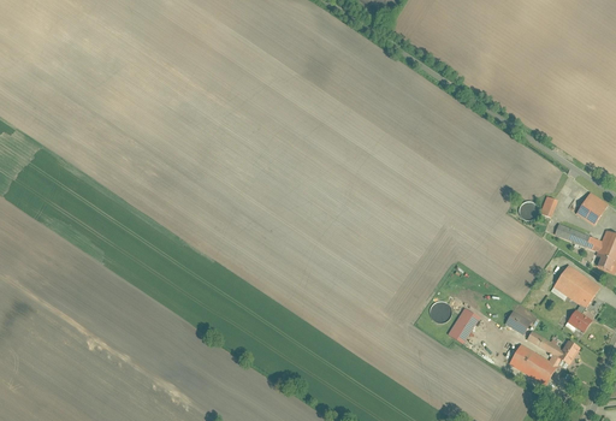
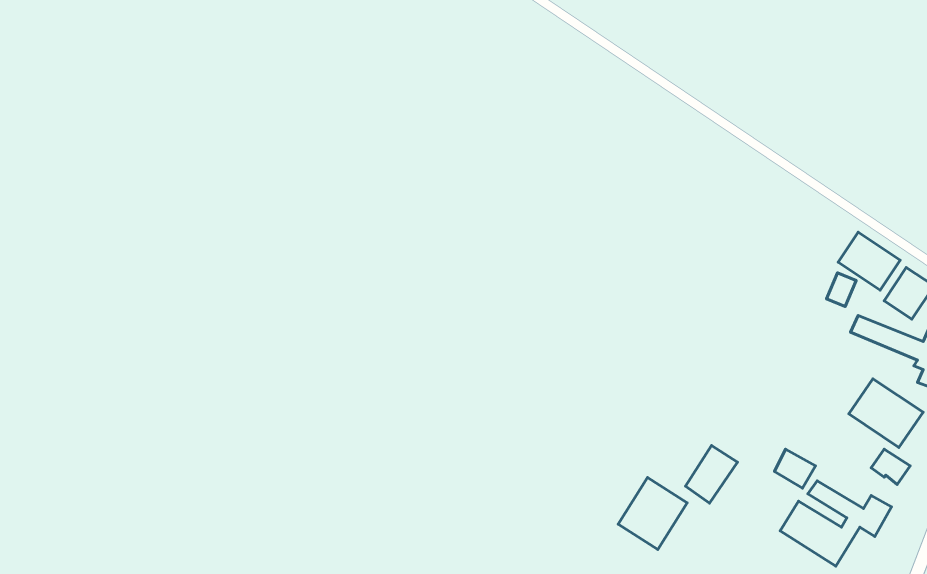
building: none -> [838,232,900,290]
building: none -> [618,477,687,550]

